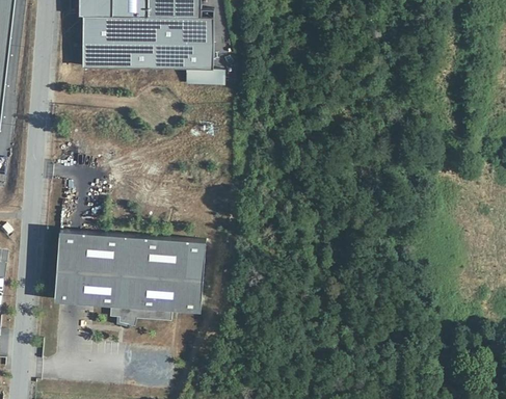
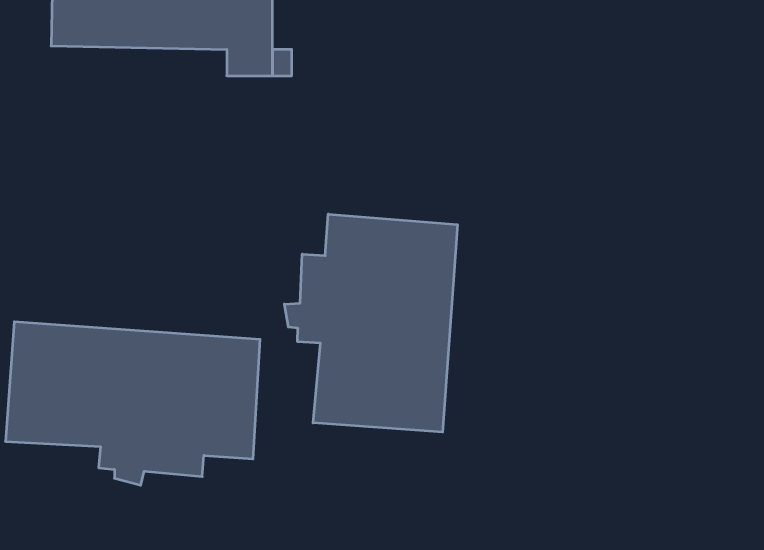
building: none -> [284,214,457,432]

